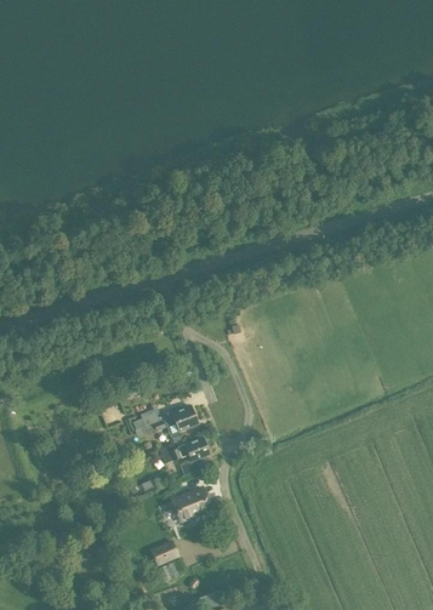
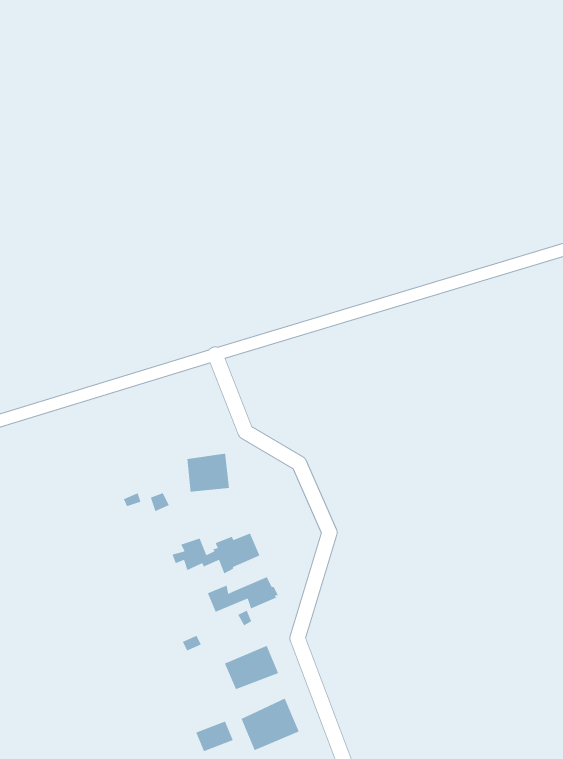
building: none -> [187,453,230,493]
building: none -> [241,698,300,751]

